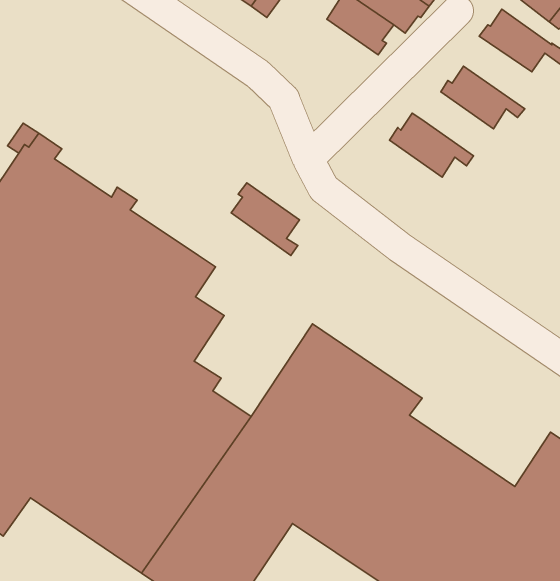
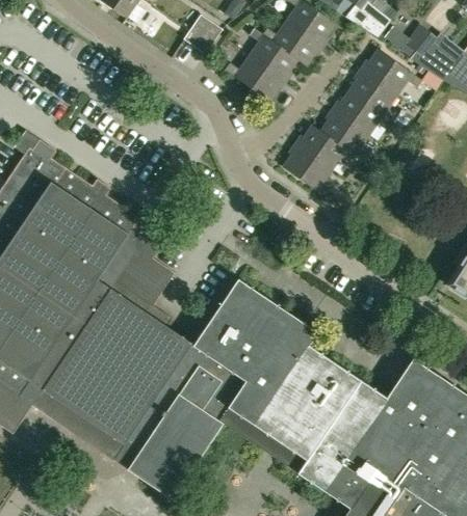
building: none -> [225,57,286,102]
building: none -> [348,70,398,123]
building: none -> [317,110,370,163]
building: [231,183,299,256] -> [283,145,333,198]

